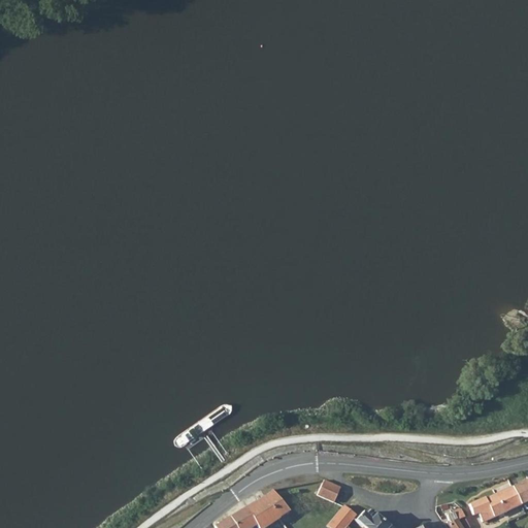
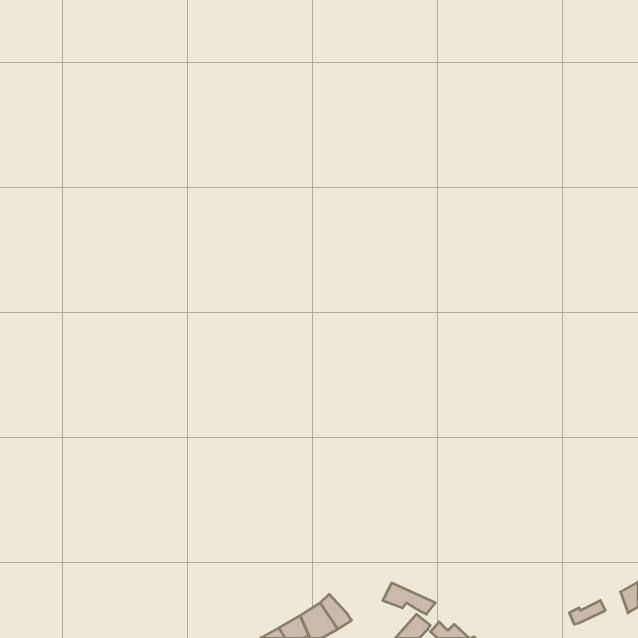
building: [477,488,518,522] -> none

